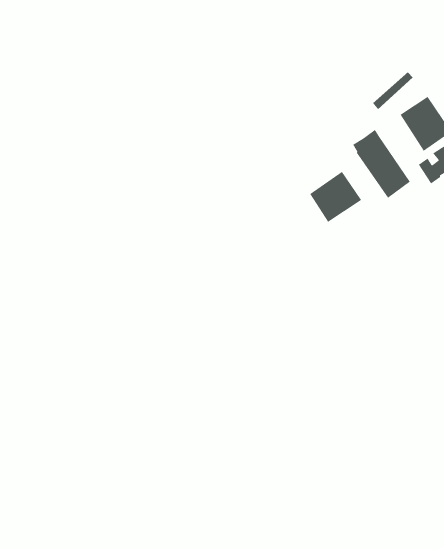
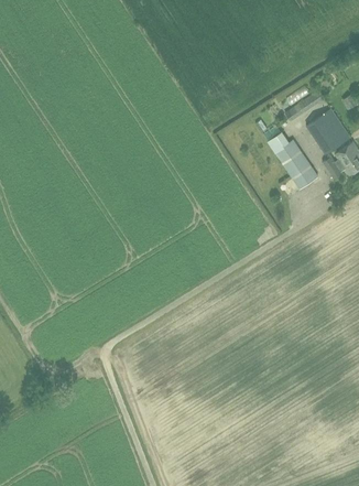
building: [309,171,362,223] -> none

